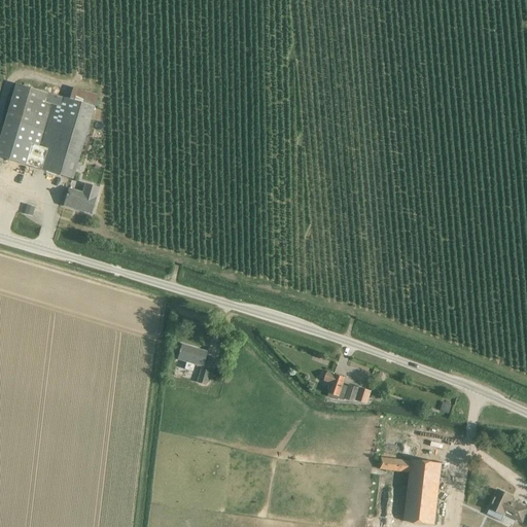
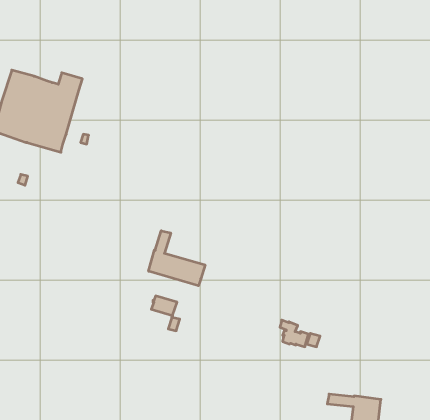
building: [63,183,98,213] -> none
building: none -> [149,231,205,286]

